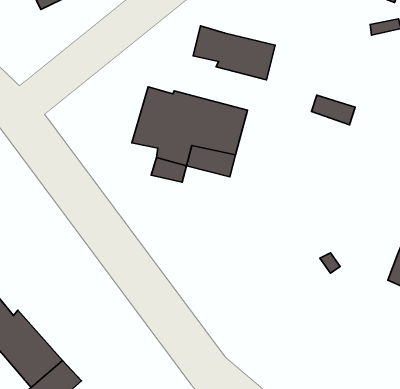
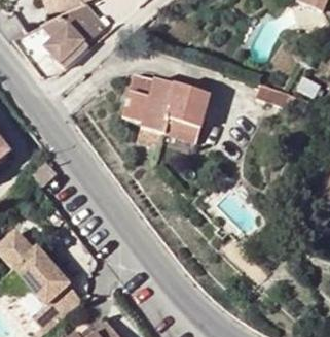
building: none -> [44,18,87,61]
building: [193,26,275,80] -> none

